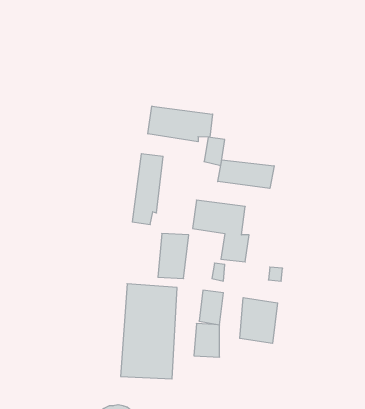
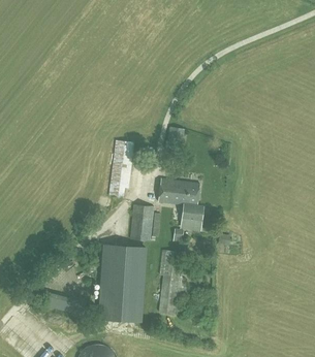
building: [148,106,213,142] -> none
building: [218,160,274,188] -> none
building: [240,298,278,343] -> none

